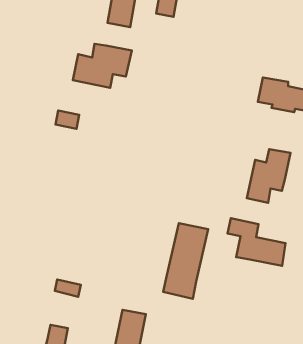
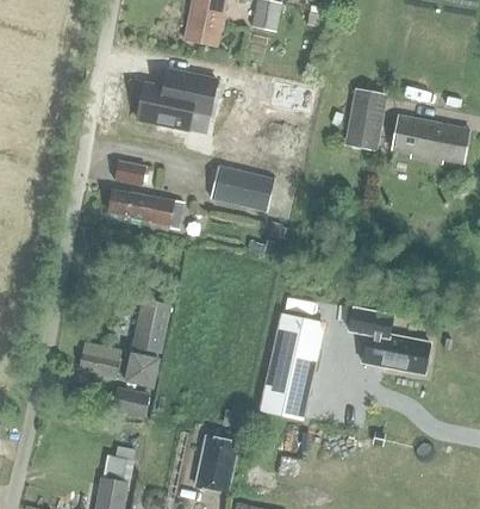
building: none -> [344,88,382,149]
building: none -> [210,165,273,211]
building: none -> [107,190,183,226]
building: [247,149,291,203] -> none
building: none -> [79,300,169,386]

